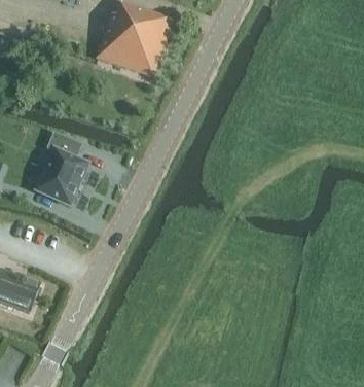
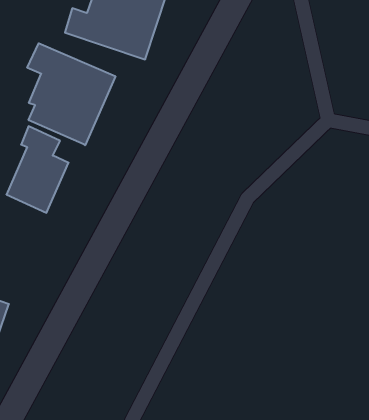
building: none -> [27,43,115,145]

